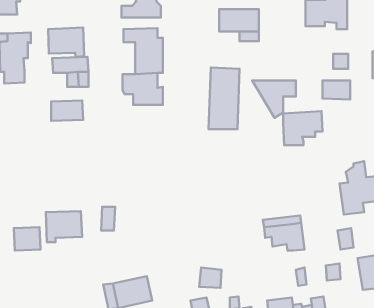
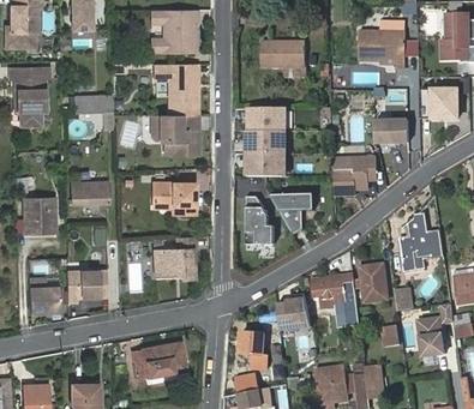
building: [48,28,84,57] -> none
building: [252,80,296,118] -> [269,194,318,236]
building: [51,101,83,121] -> [72,181,108,204]
building: none -> [152,184,196,216]
building: none -> [248,196,276,245]
building: none -> [24,198,55,233]
building: none -> [154,237,196,277]
building: none -> [360,264,389,303]
building: none -> [278,294,311,327]

